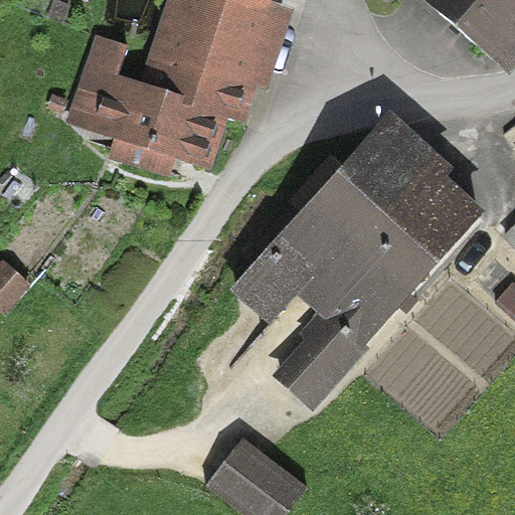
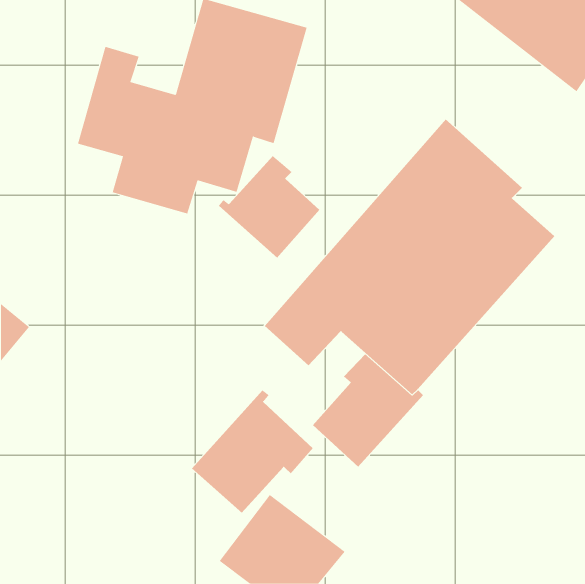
building: none -> [218,155,320,259]
building: none -> [191,389,313,513]

